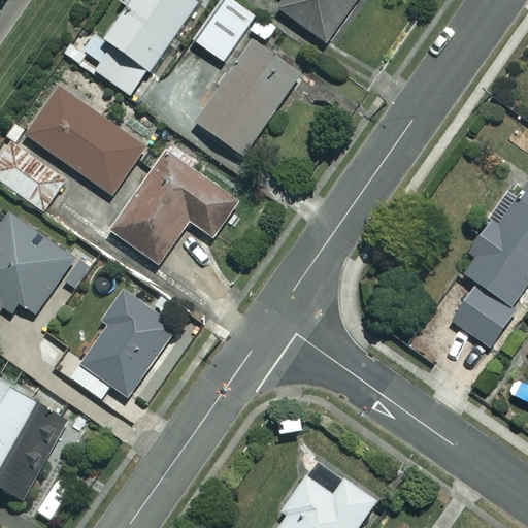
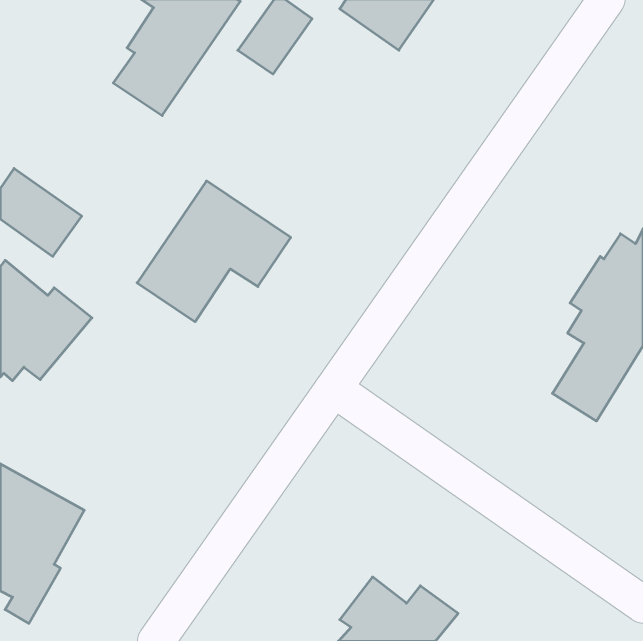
building: [196,40,299,155] -> none
building: [28,89,143,194] -> none
building: [70,289,176,398] -> none

